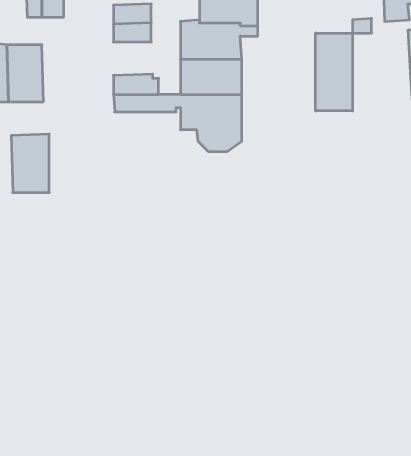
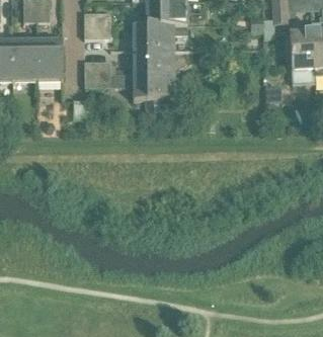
building: [316,33,353,111] -> none
building: [11,134,49,193] -> [35,38,62,79]

